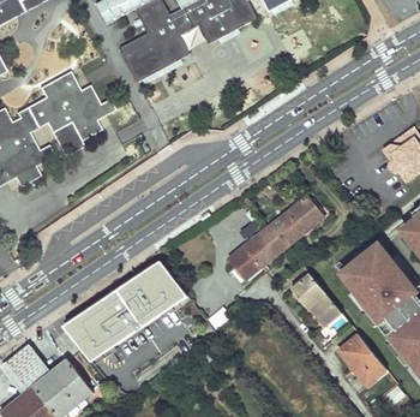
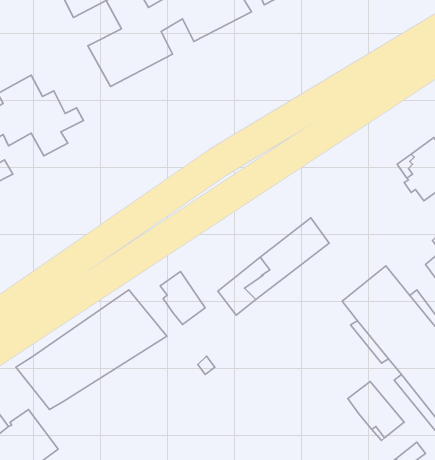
building: [52,121,84,157] -> none
building: none -> [160,271,205,324]
building: [292,273,342,324] -> none

